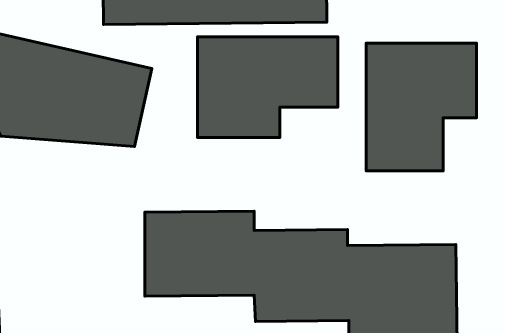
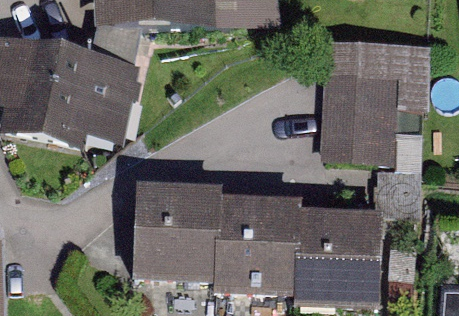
building: [197,37,338,138] -> none

